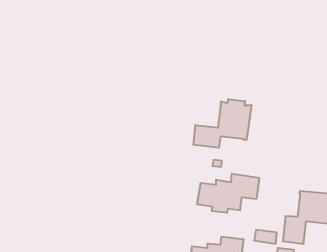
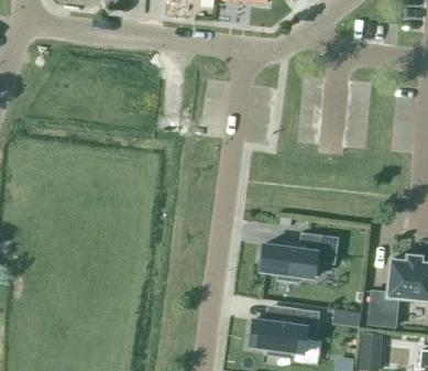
building: [193,99,251,148] -> none

